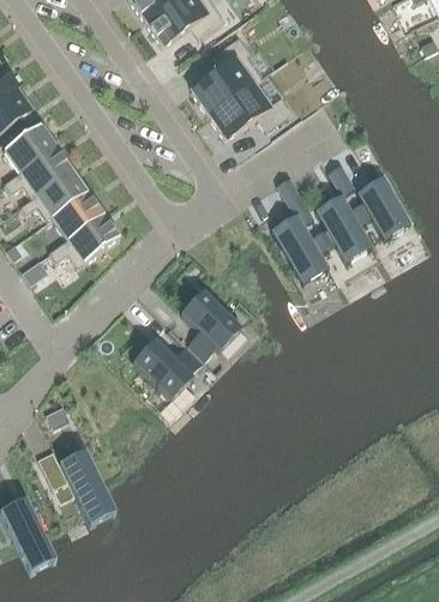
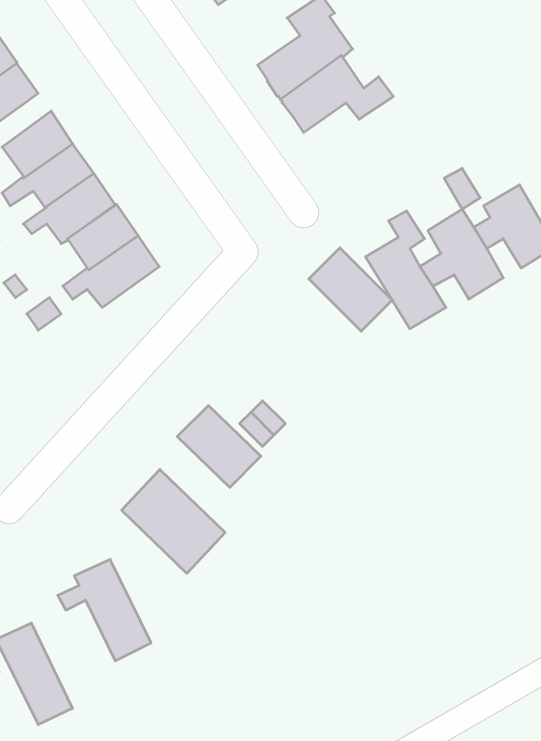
building: [181,289,242,350] -> [309,248,392,331]
building: none -> [122,469,225,573]

